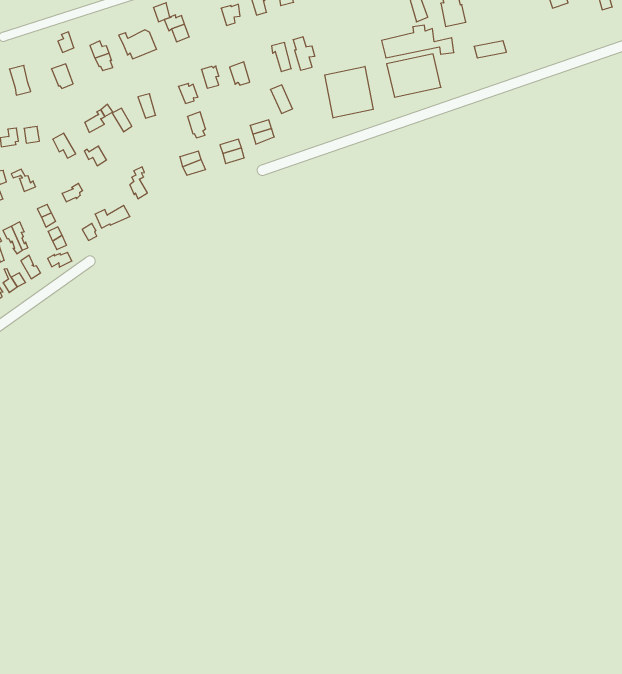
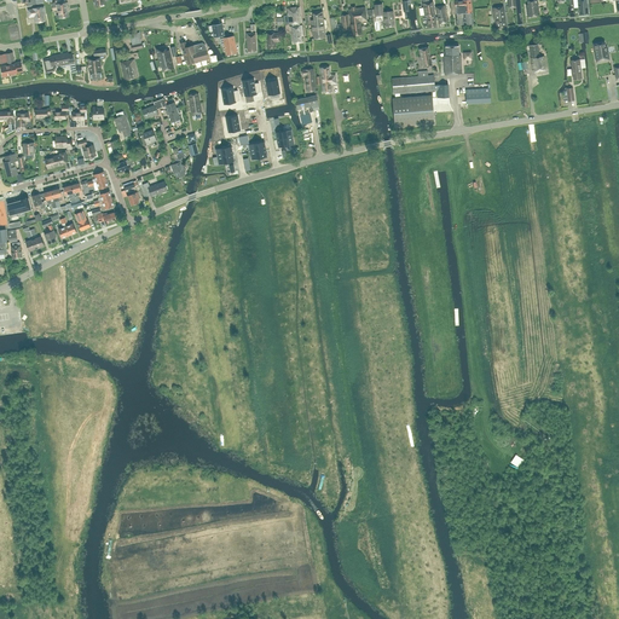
building: [325,66,373,118] -> none

